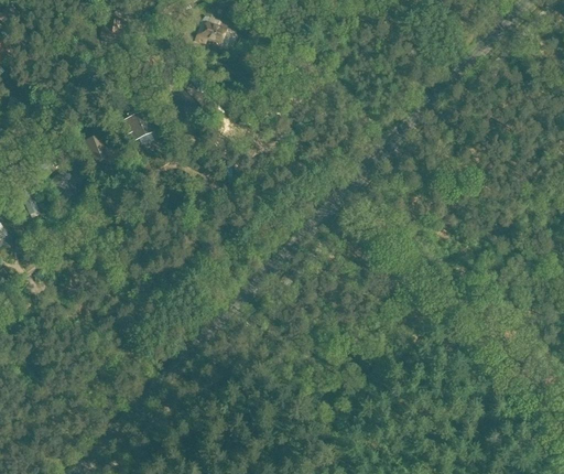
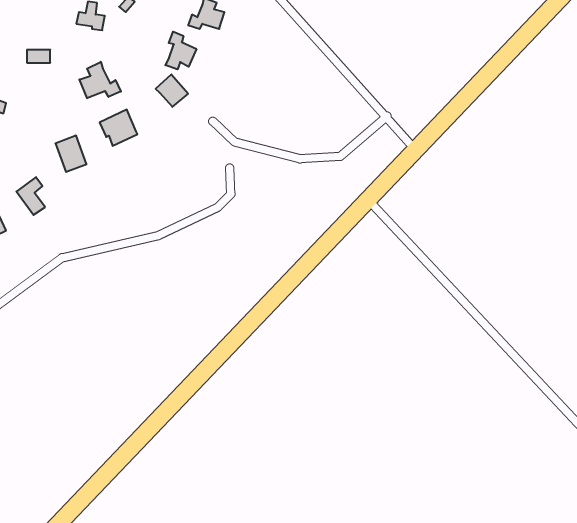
building: none -> [165,32,196,69]
building: none -> [79,62,121,98]

